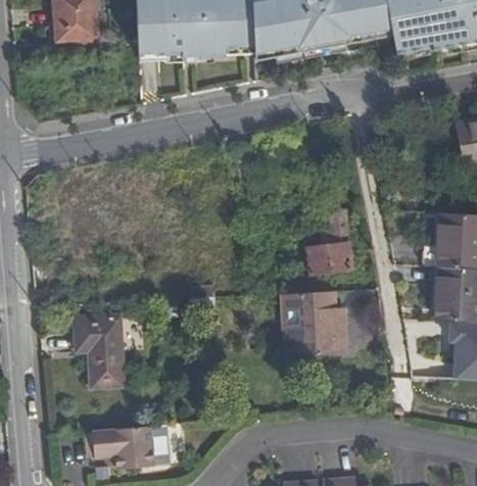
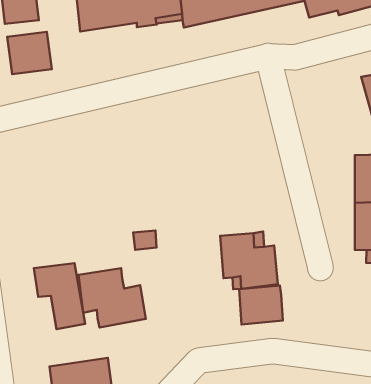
building: none -> [7,32,52,74]
building: [307,211,352,274] -> none
building: none -> [78,268,146,327]
building: none -> [239,286,283,325]

